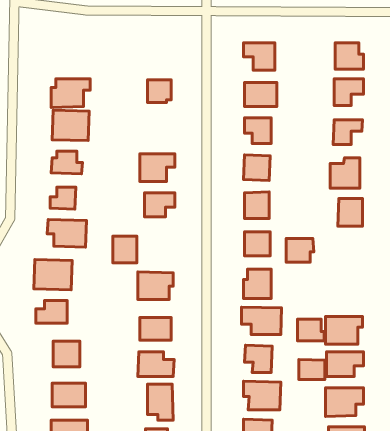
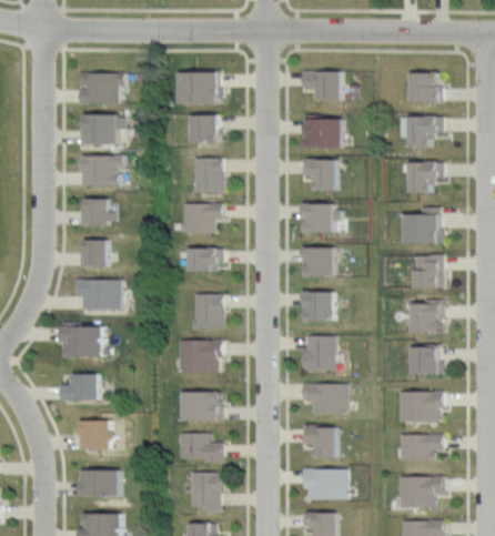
building: none -> [176,69,222,107]
building: none -> [80,71,119,101]
building: none -> [194,156,222,195]
building: [113,236,137,263] -> [194,294,222,325]
building: [286,238,314,262] -> [411,302,443,330]
building: [297,319,324,341] -> [412,347,443,373]
building: [299,360,325,380] -> none

